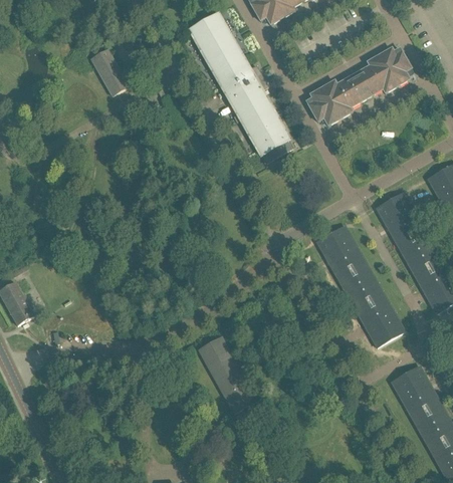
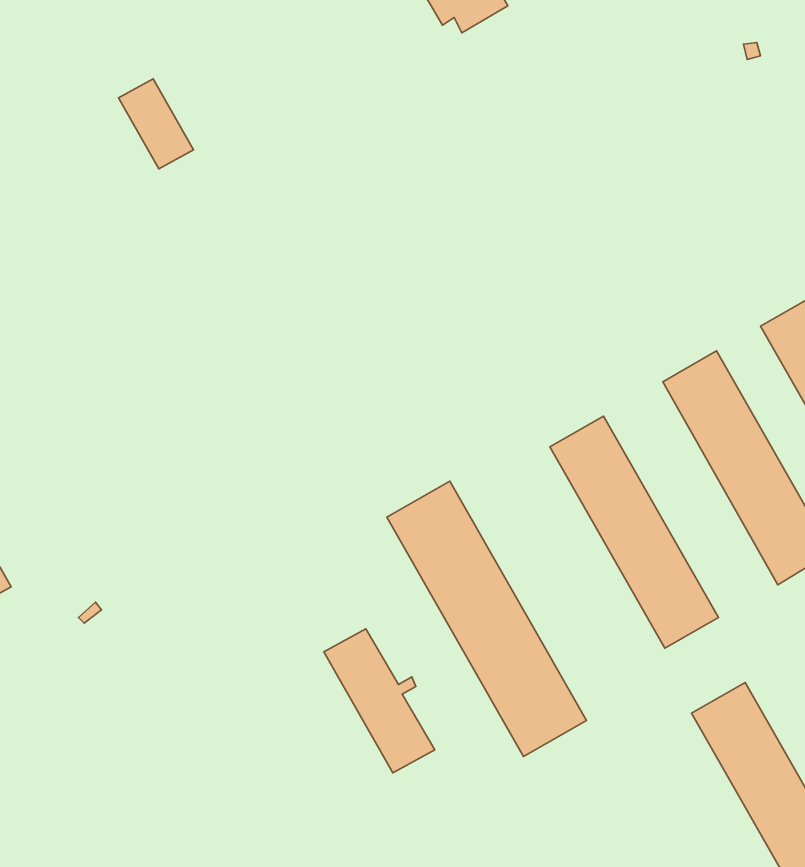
building: [188,12,292,162] -> none
building: [306,46,412,125] -> none
building: none -> [387,481,587,757]

